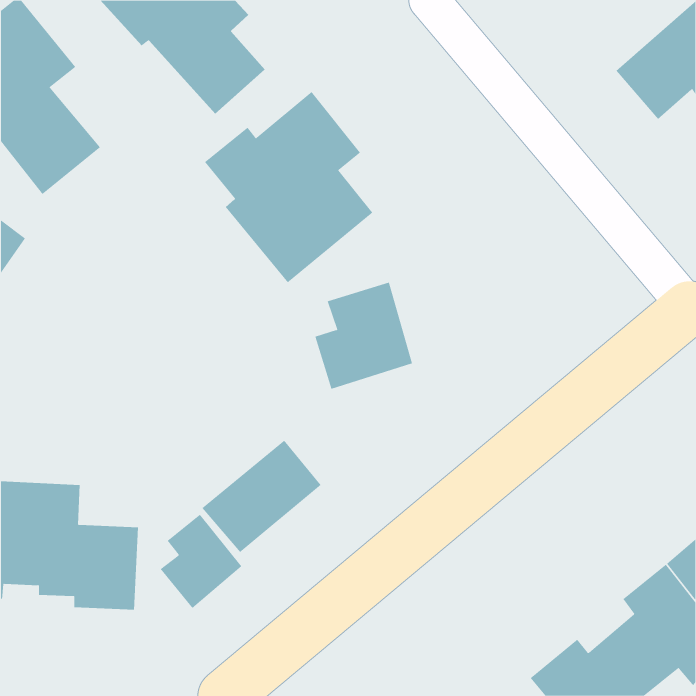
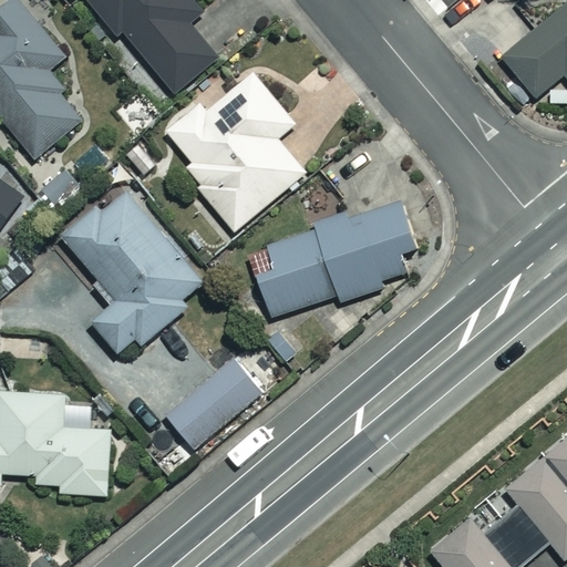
building: none -> [59,192,200,354]
building: none -> [315,199,412,308]
building: [160,514,242,609] -> none

